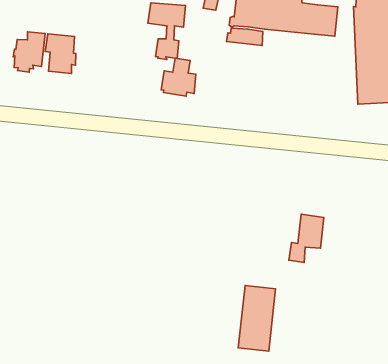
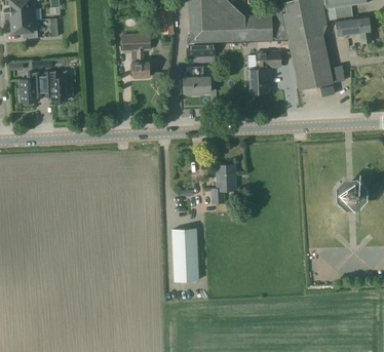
building: none -> [246,51,279,93]
building: [161,58,196,96] -> [183,67,209,95]
building: [289,214,324,262] -> [212,165,235,203]
building: [238,286,276,351] -> [171,230,198,281]

